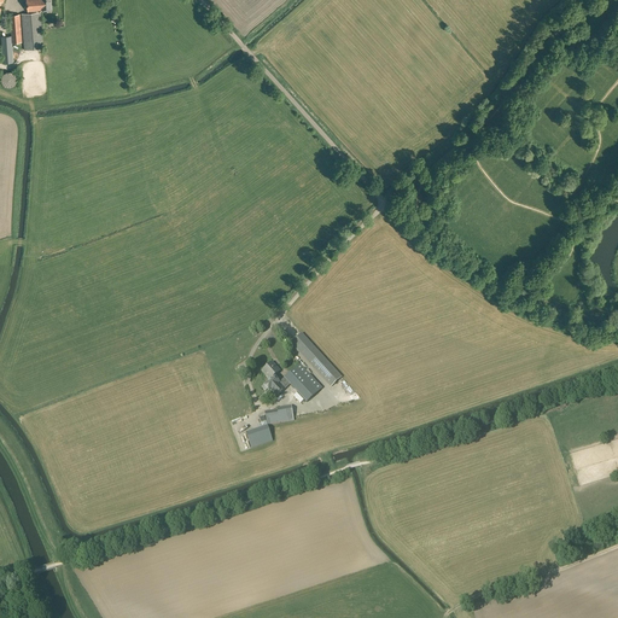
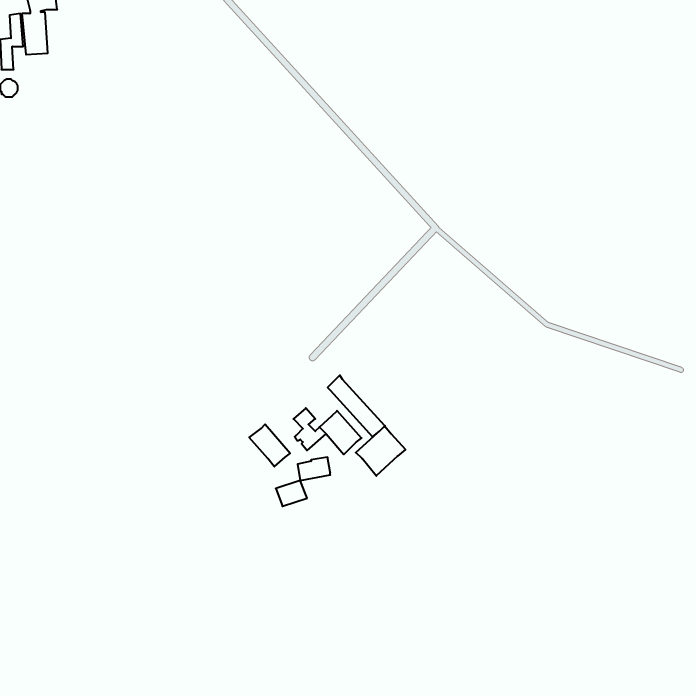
building: none -> [249,424,290,467]
building: none -> [356,426,405,476]

